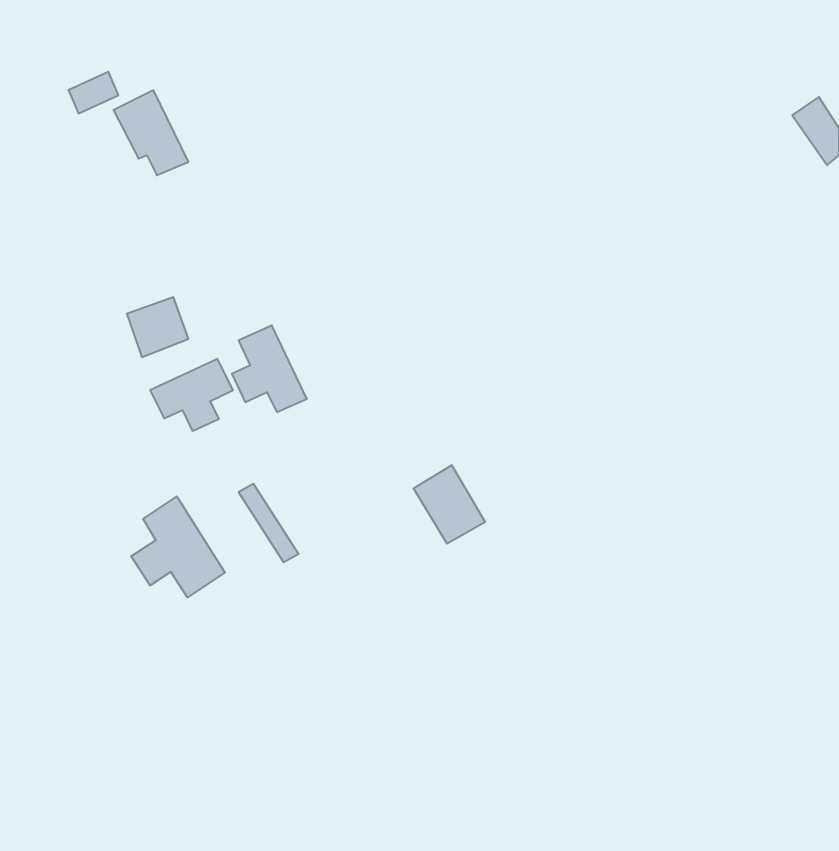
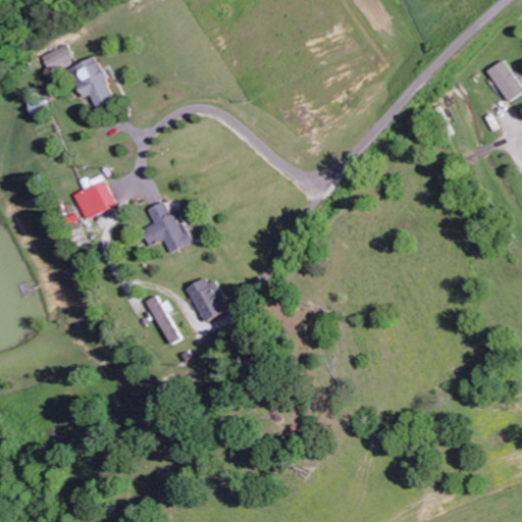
building: [150,359,233,431] -> none
building: [413,465,485,543] -> [186,274,229,322]
building: [131,496,225,597] -> none

